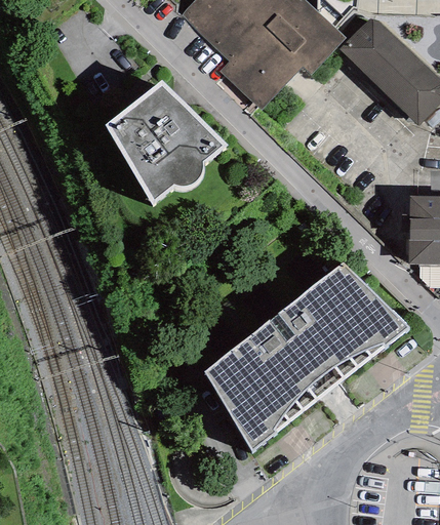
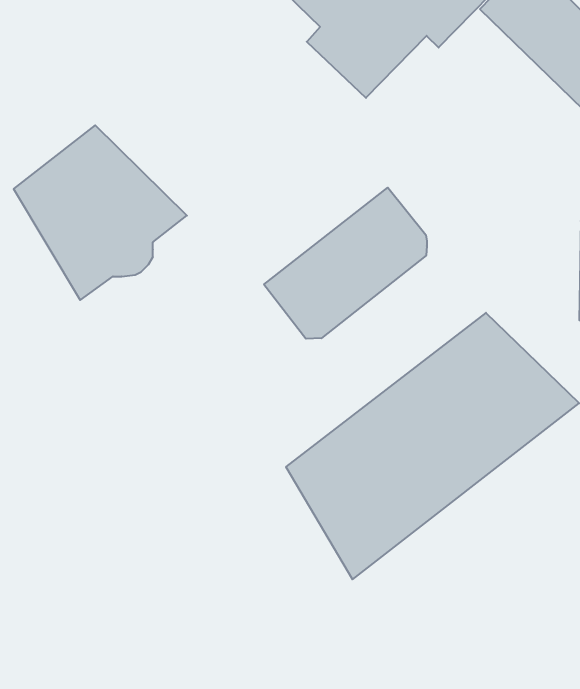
building: [106,75,226,196] -> [14,125,187,300]
building: none -> [264,188,427,339]

